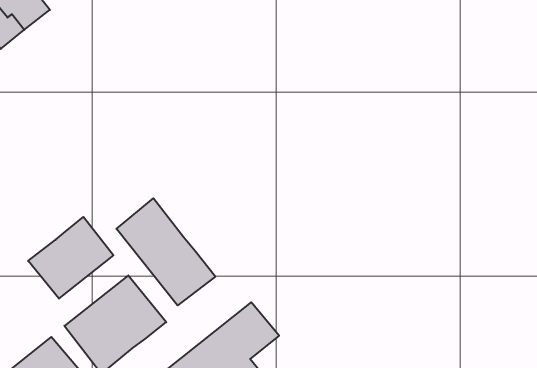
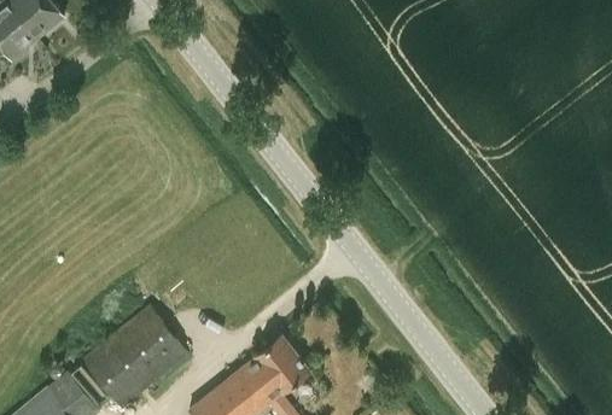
building: [116,198,215,305] -> none
building: [28,217,113,299] -> none

